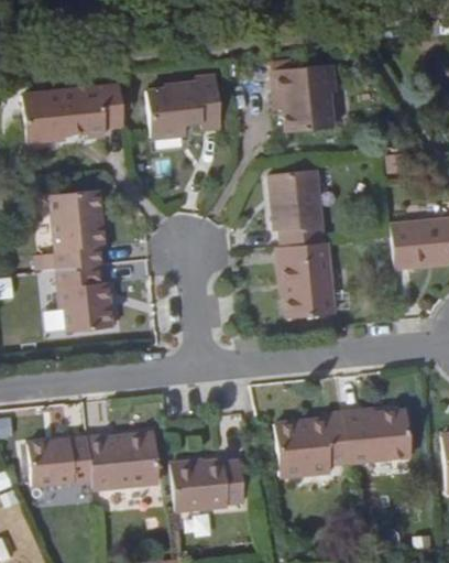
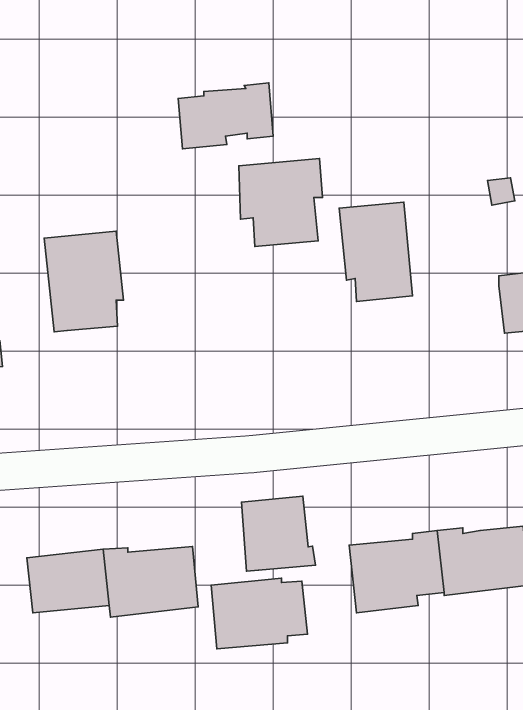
building: [271,64,335,131] -> [239,159,322,246]
building: [23,82,123,136] -> none
building: [275,241,333,318] -> none
building: [61,264,117,334] -> none
building: none -> [241,496,315,571]

